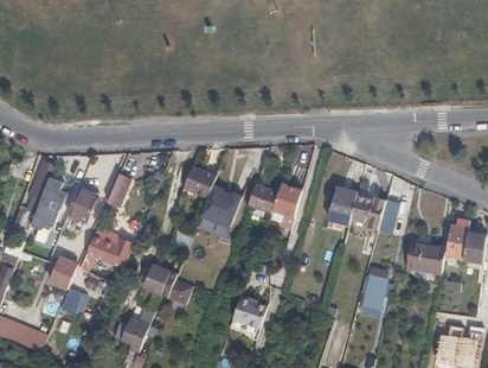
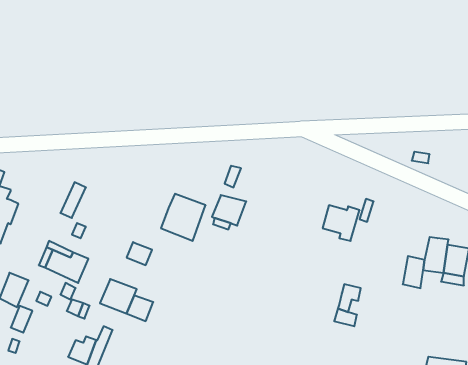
building: [181,167,216,201] -> none
building: [267,184,298,228] -> none
building: [326,186,355,223] -> none
building: [66,188,96,221] -> none
building: [404,239,429,268] -> none
building: [231,294,267,329] -> none

